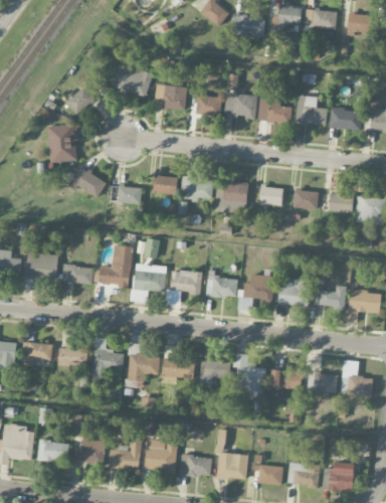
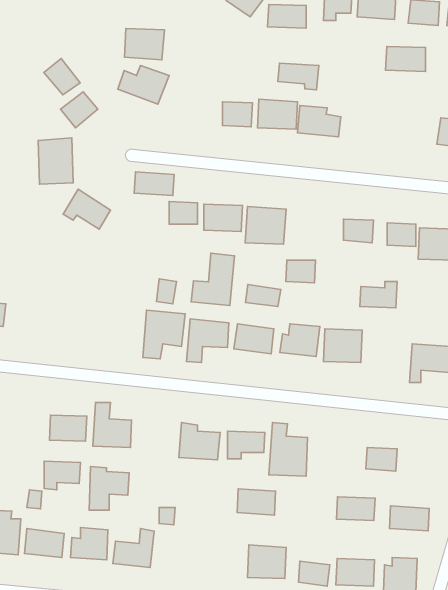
building: none -> [44,58,80,95]
building: none -> [278,63,319,90]
building: [155,85,187,110] -> [125,28,164,60]
building: [297,95,327,124] -> none
building: [330,109,362,129] -> [386,46,425,71]
building: [110,184,142,203] -> [134,172,174,196]
building: [259,186,283,204] -> [286,260,316,283]
building: none -> [246,285,281,307]
building: [98,243,133,286] -> [191,253,235,306]
building: [26,252,57,280] -> none
building: [62,265,93,283] -> none
building: [316,286,346,307] -> [360,282,397,308]
building: [23,342,52,365] -> [44,461,80,490]
building: [128,351,160,386] -> [89,467,129,510]
building: [270,369,302,388] -> [336,497,375,521]
building: [341,375,373,395] -> [389,506,429,531]
building: [145,440,177,471] -> none
building: [181,455,212,476] -> [237,489,276,515]

